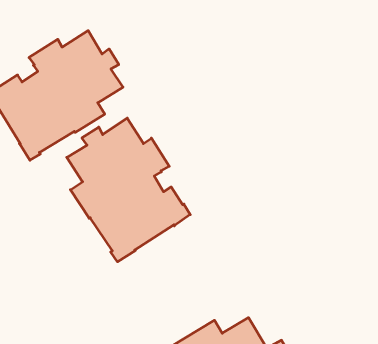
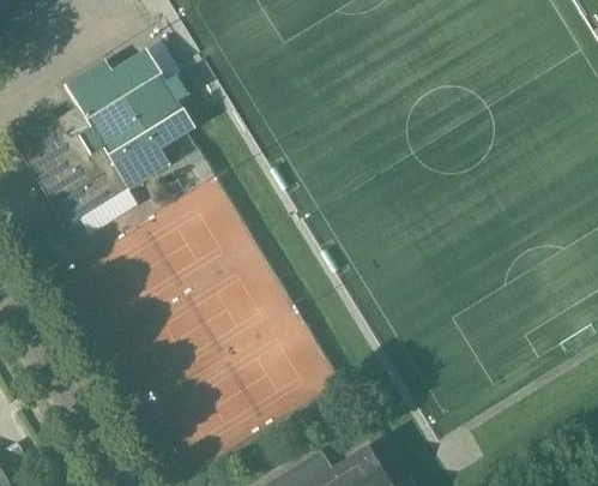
building: [67,118,190,262] -> none

